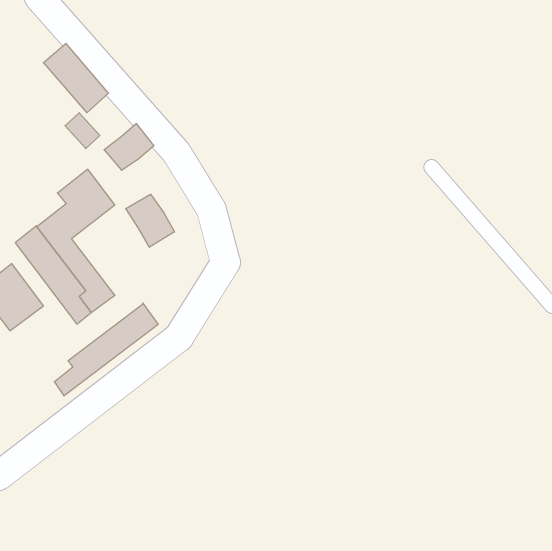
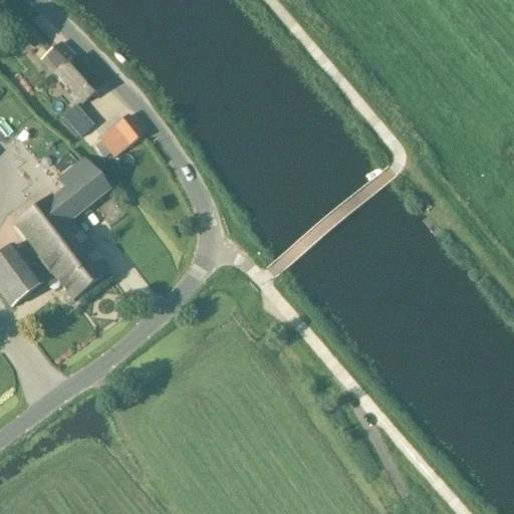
building: [126,194,175,247] -> none
building: [54,303,158,396] -> none

